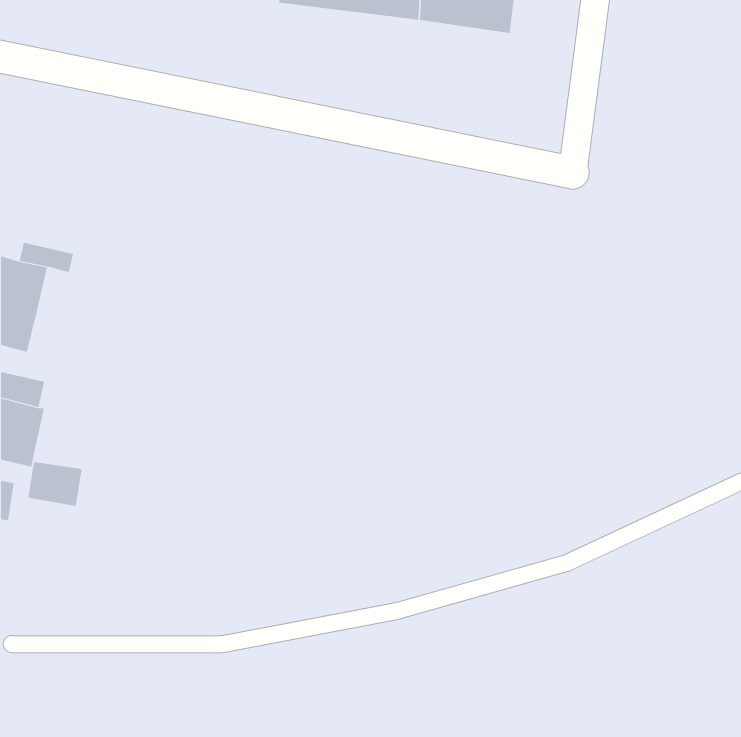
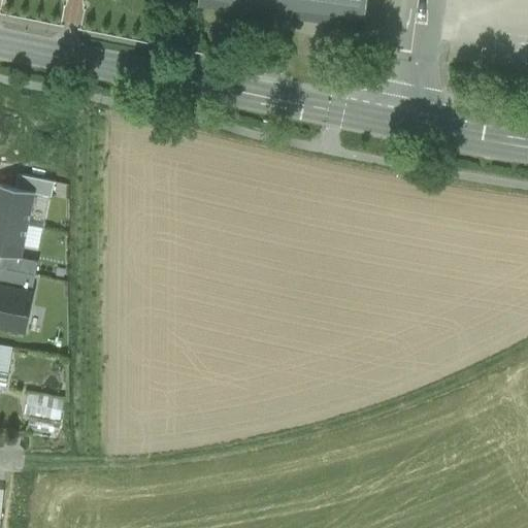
building: [27,462,82,506] -> [25,392,64,424]

